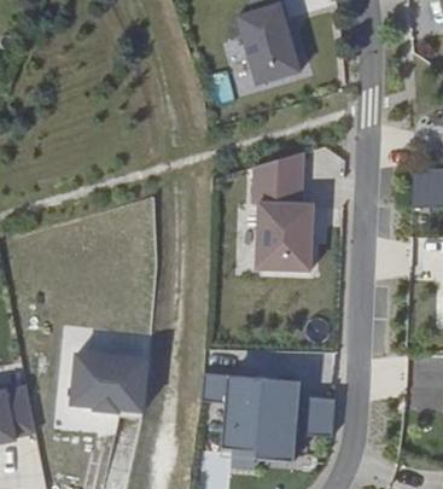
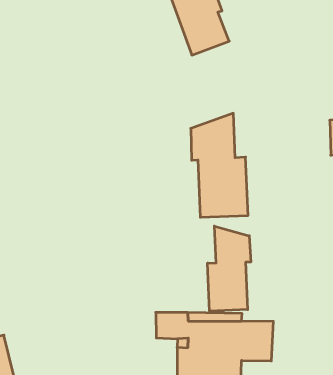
building: none -> [208,226,251,311]
building: [66,357,141,418] -> none

